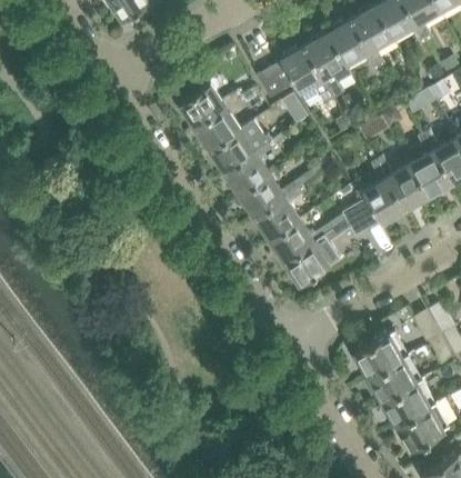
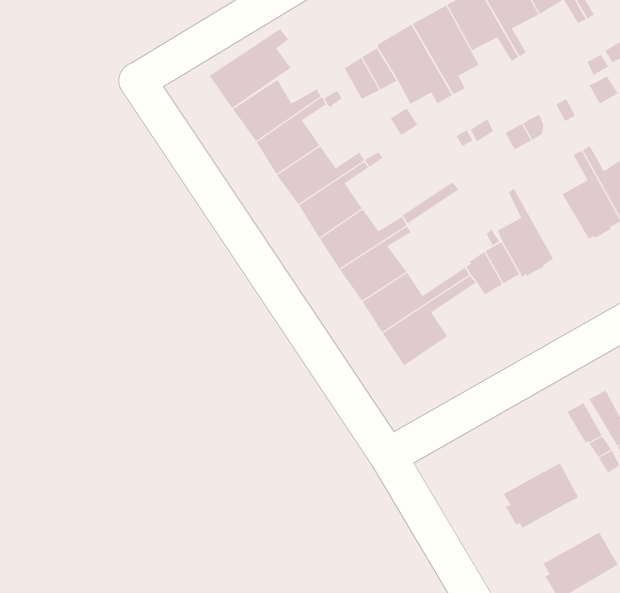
building: none -> [209,28,291,109]
building: [377,157,429,210] -> none
building: [354,329,409,376] -> none
building: [382,378,437,425] -> none

